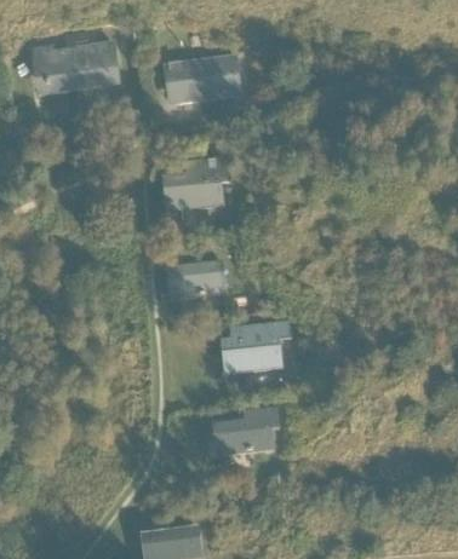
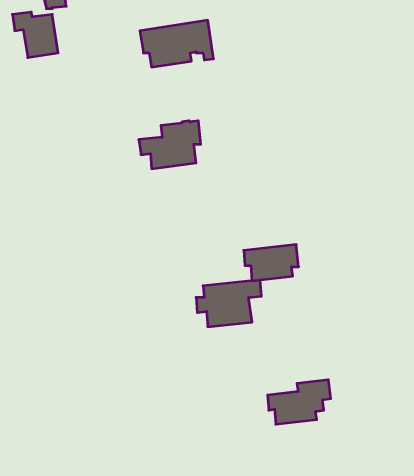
building: [73,42,116,88] -> none
building: [166,261,223,299] -> [244,245,299,281]
building: [213,408,279,454] -> [268,380,331,424]

